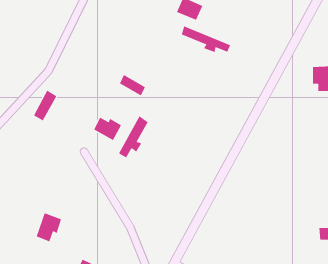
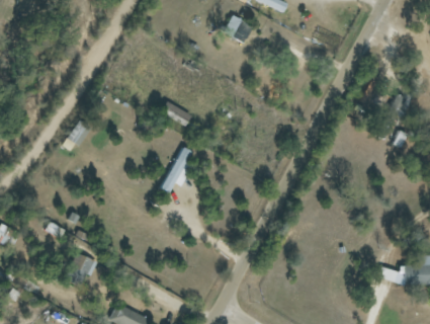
building: [181,26,231,53] -> none
building: [93,117,122,141] -> none

